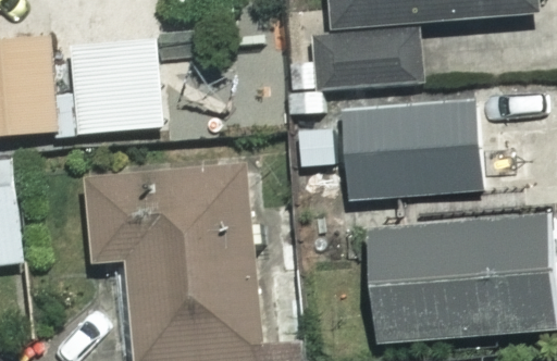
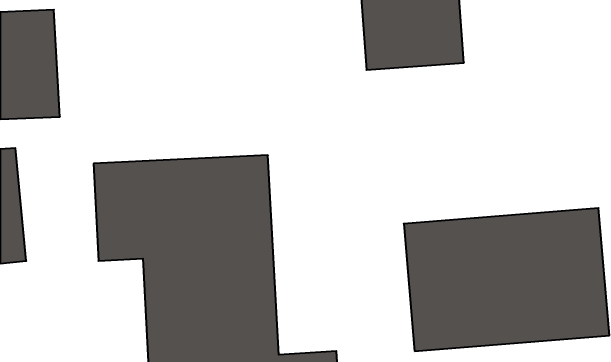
building: [73,40,162,132] -> none
building: [345,99,488,198] -> none

